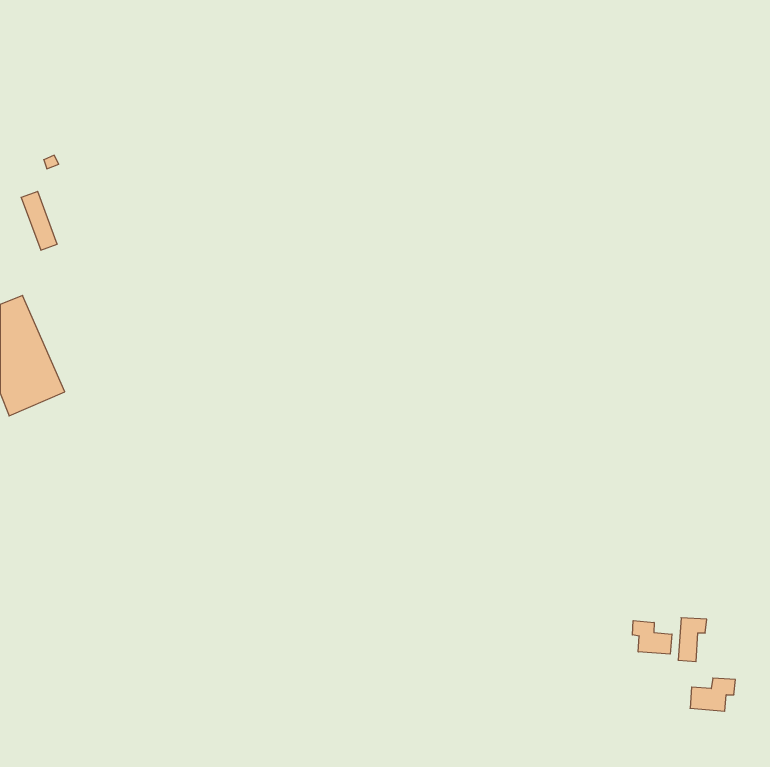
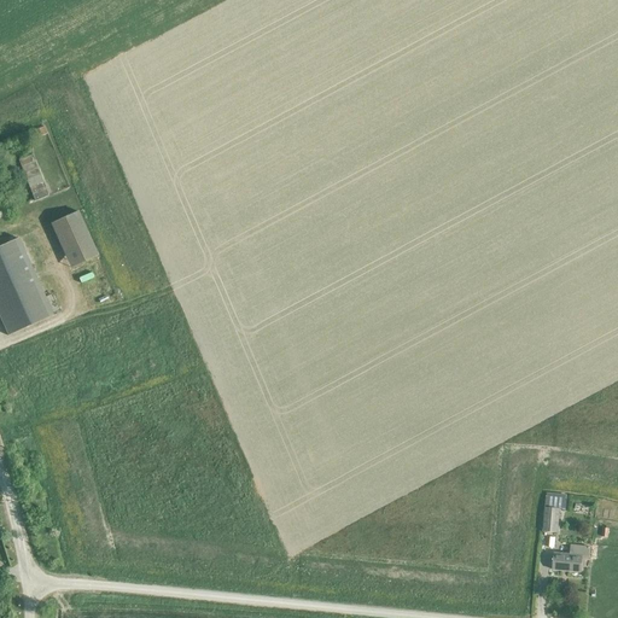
building: none -> [48,210,97,267]
building: [632,621,672,654] -> none

